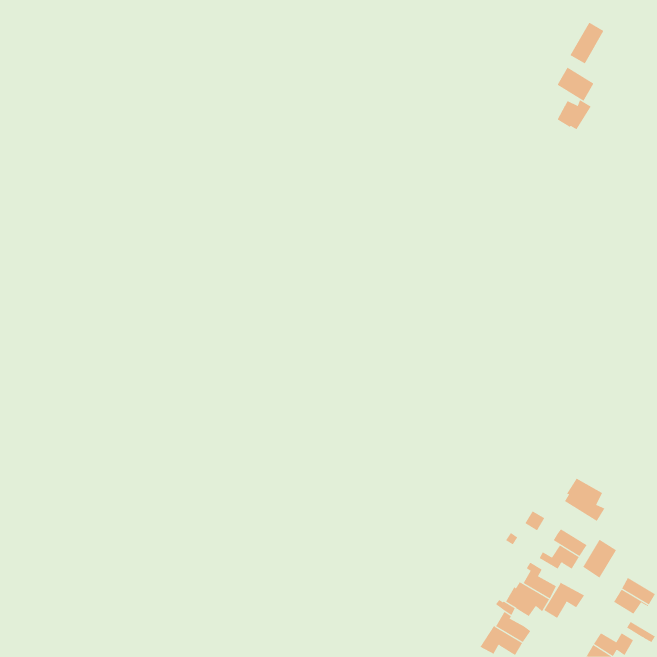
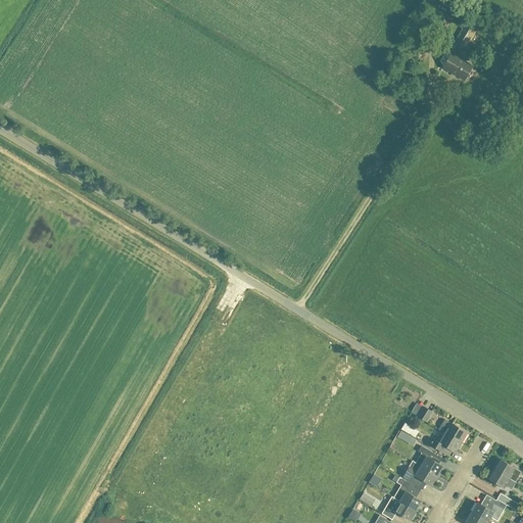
building: [557,99,591,130] -> none
building: [564,478,605,522] -> none
building: [582,539,617,578] -> none
building: [543,582,585,619] -> none

